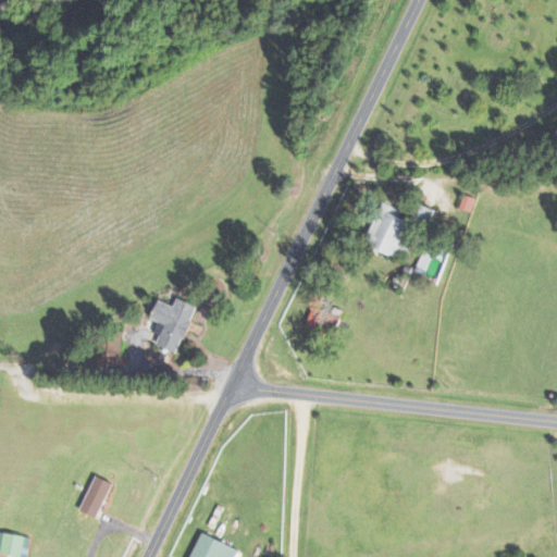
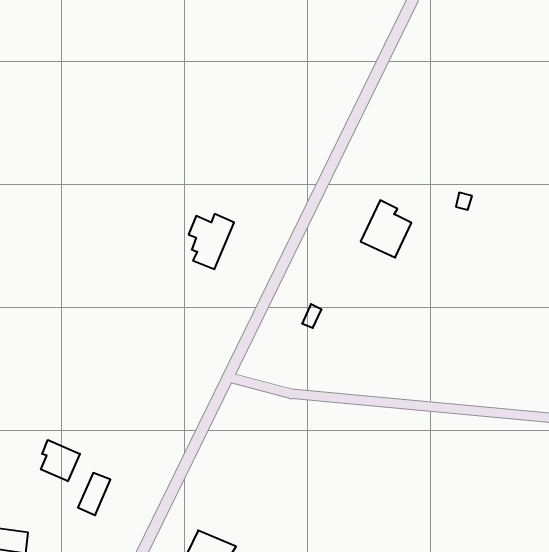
building: [150,298,196,354] -> [189,214,234,269]
building: none -> [41,440,80,481]

